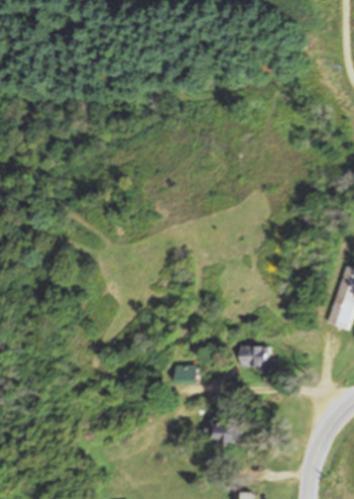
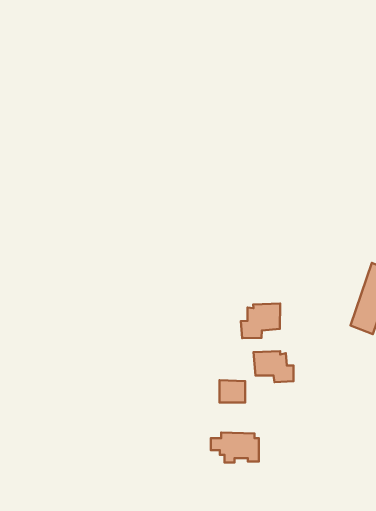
building: none -> [241,303,280,338]
building: [174,364,198,384] -> [219,380,245,402]

